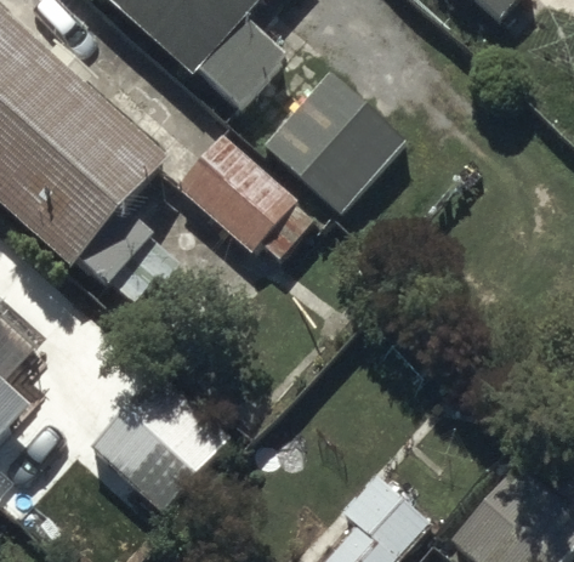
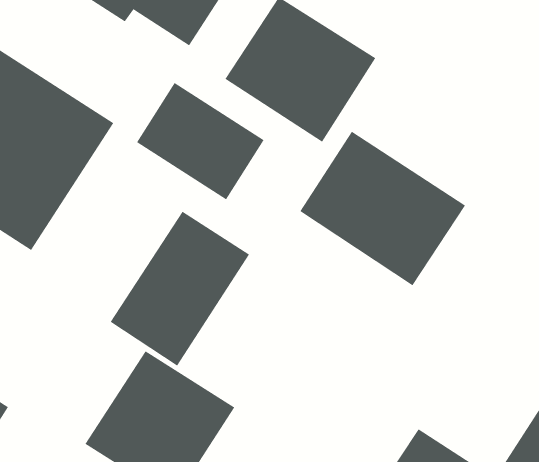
building: none -> [300,131,466,286]
building: none -> [110,211,250,366]

